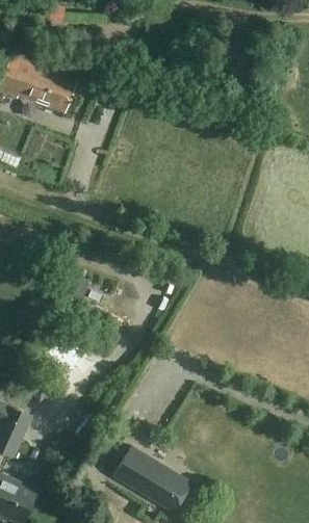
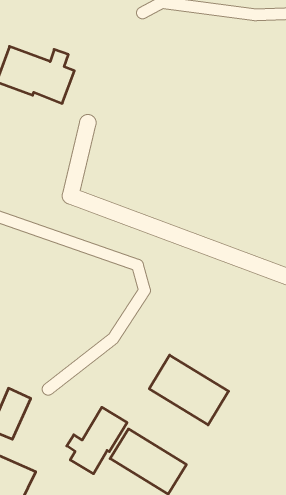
building: none -> [149,355,229,425]
building: none -> [67,407,127,474]

